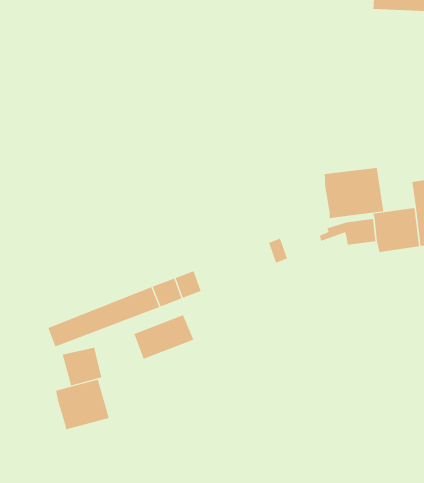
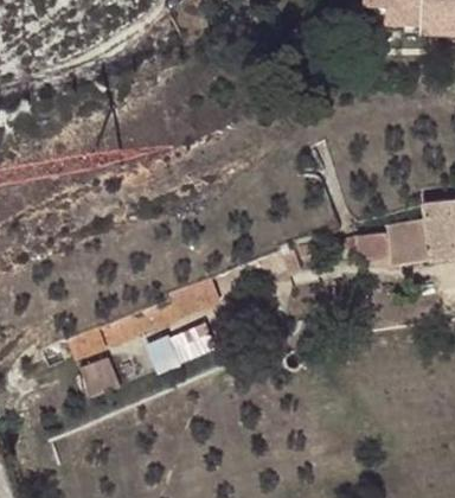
building: [324,167,384,219] -> none
building: [56,379,109,430] -> none

